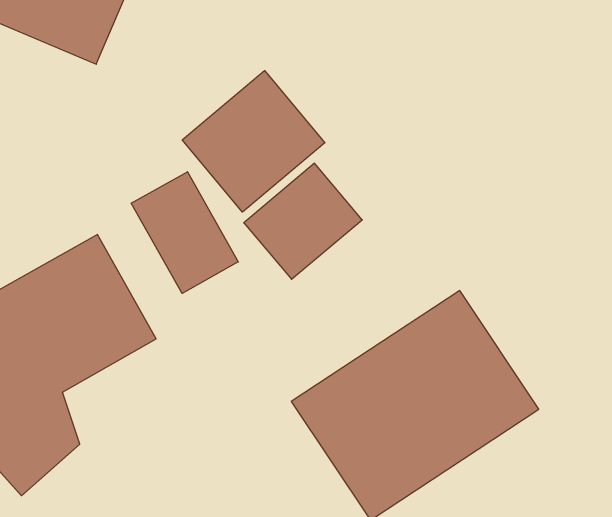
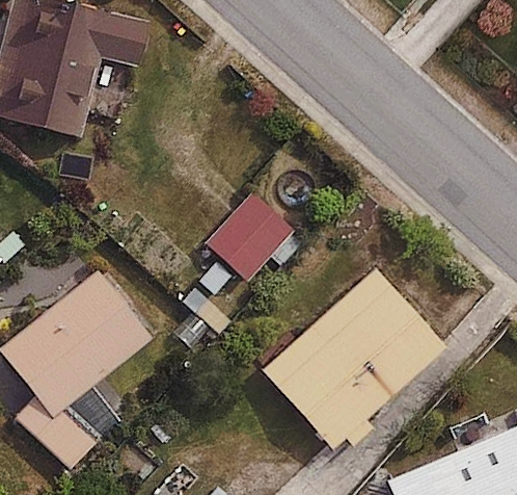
building: [182,71,325,212] -> none
building: [131,172,238,293] -> none

